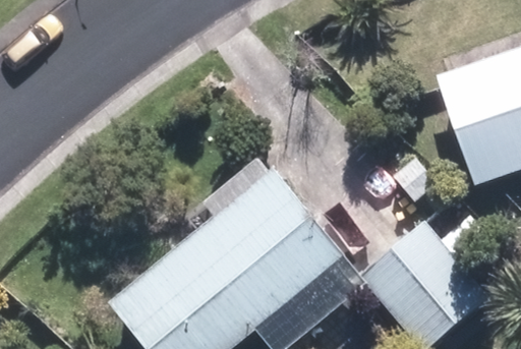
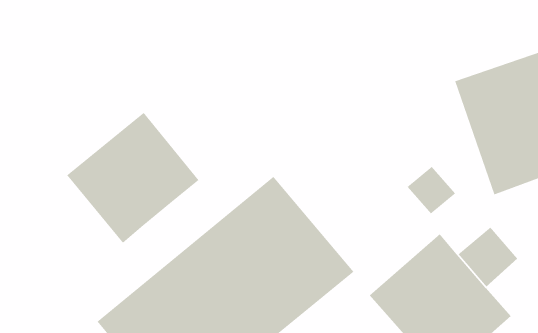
building: none -> [66,112,199,244]

